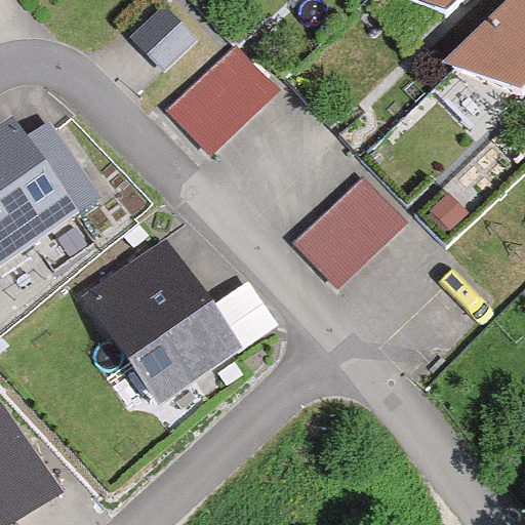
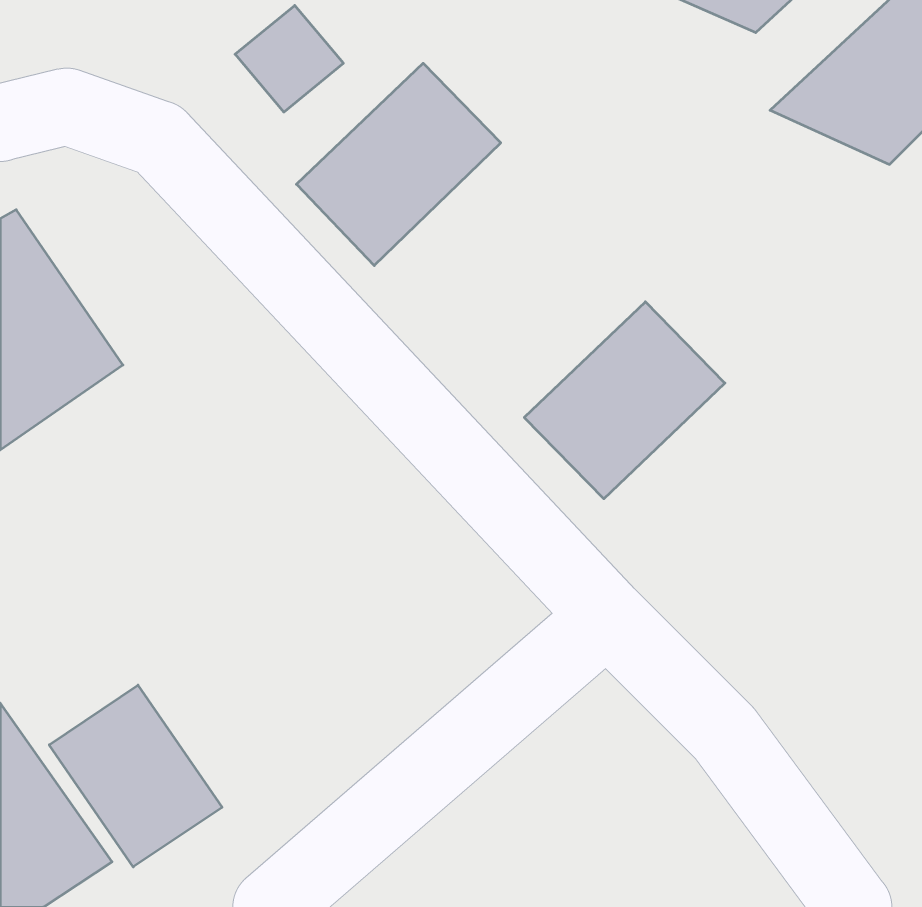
building: [75,239,242,412] -> none
building: none -> [49,685,222,867]

